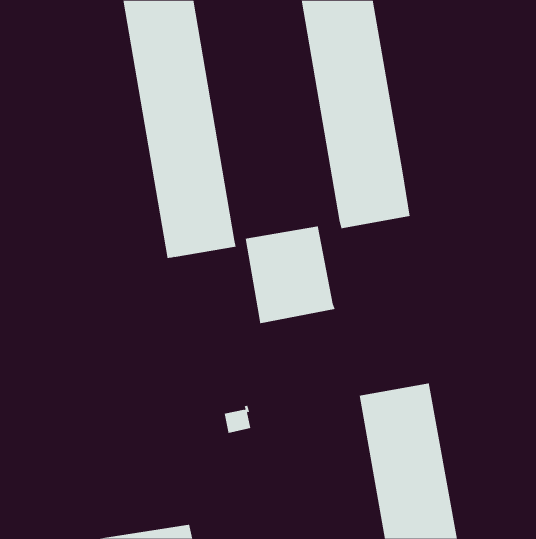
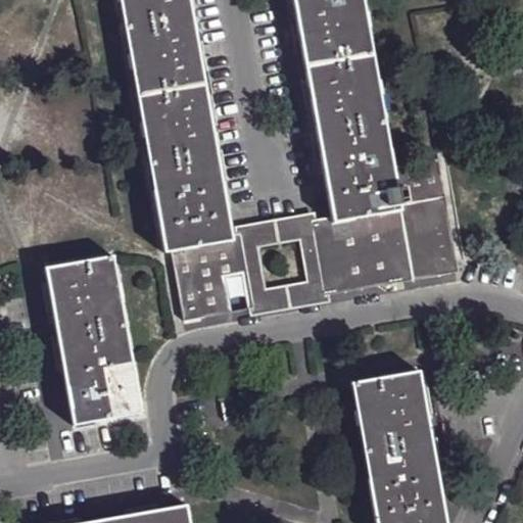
building: none -> [312,158,459,294]
building: none -> [172,231,253,320]
building: none -> [45,254,141,426]

